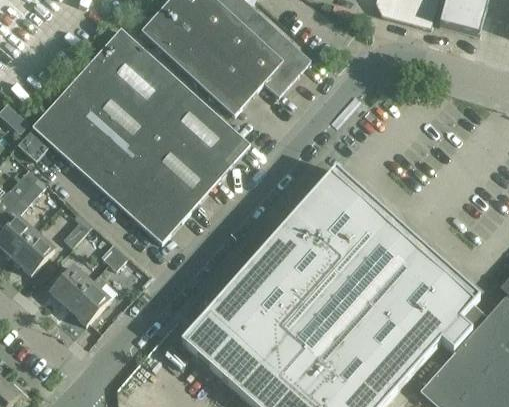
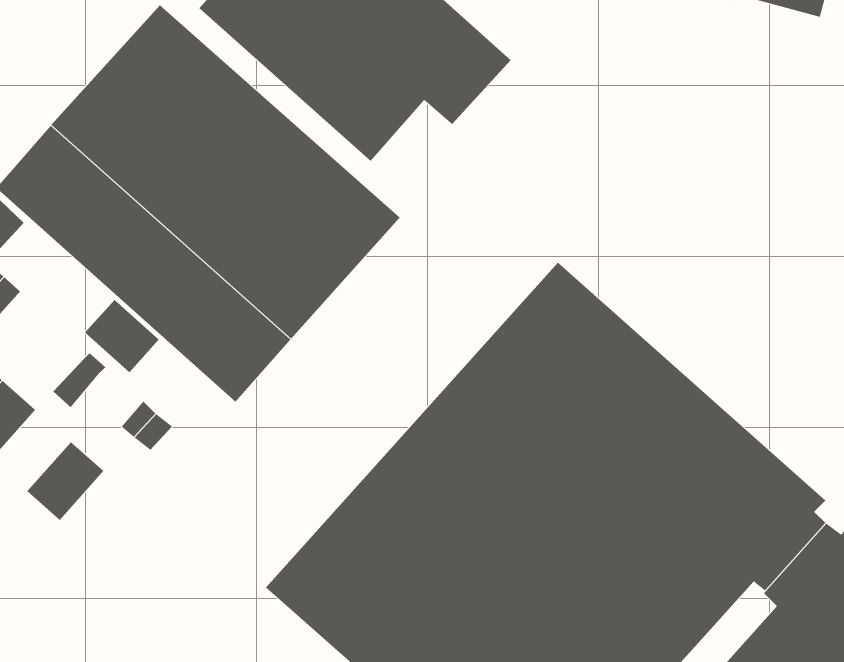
building: none -> [84,299,159,373]
building: [67,274,109,323] -> none

